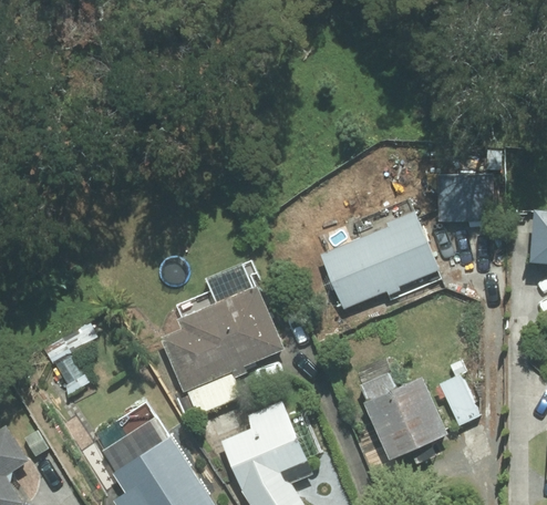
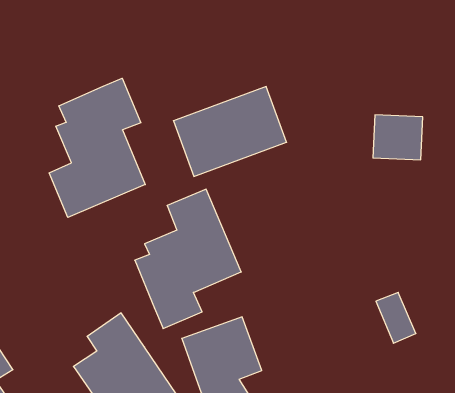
building: none -> [49,78,145,217]
building: [311,209,440,311] -> [173,87,287,176]
building: [360,371,451,460] -> none

